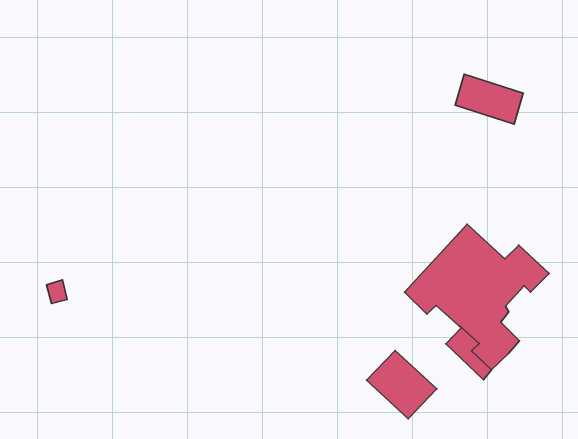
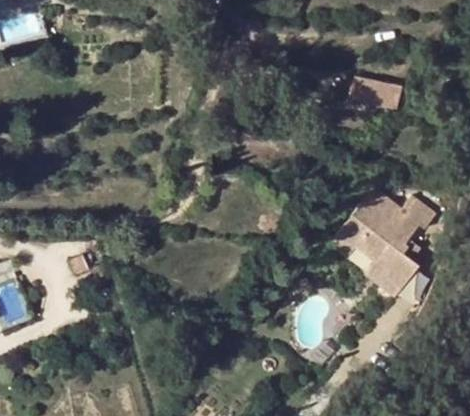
building: [367,350,437,419] -> none

